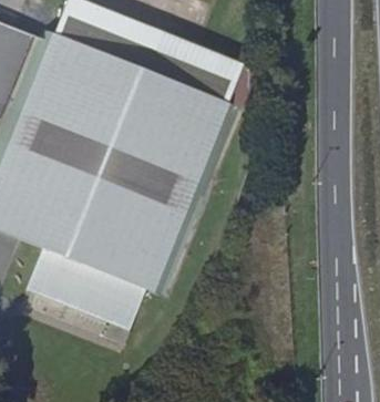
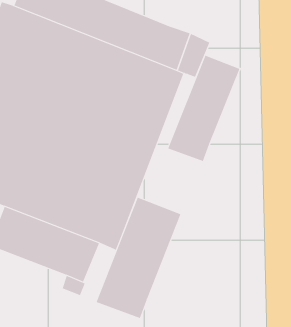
building: none -> [167,55,240,162]
building: none -> [96,197,181,319]

